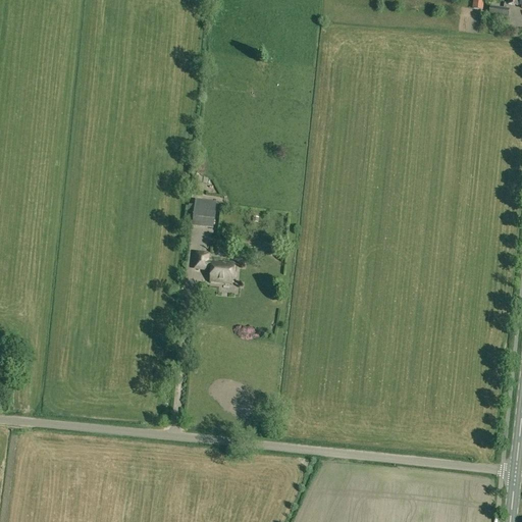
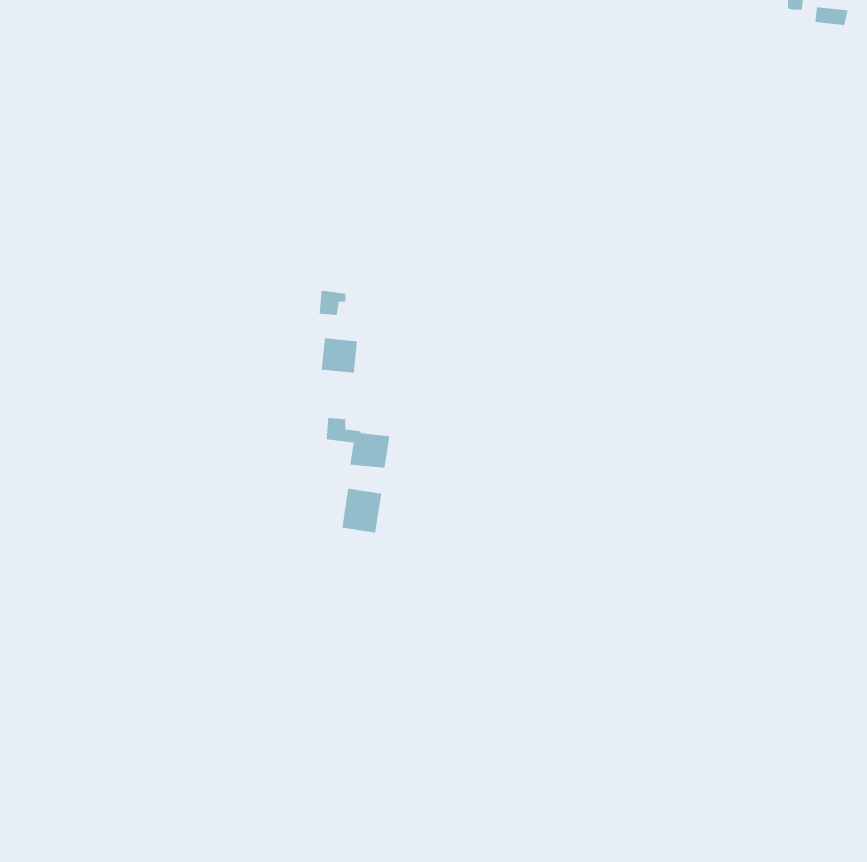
building: none -> [342,488,382,534]

